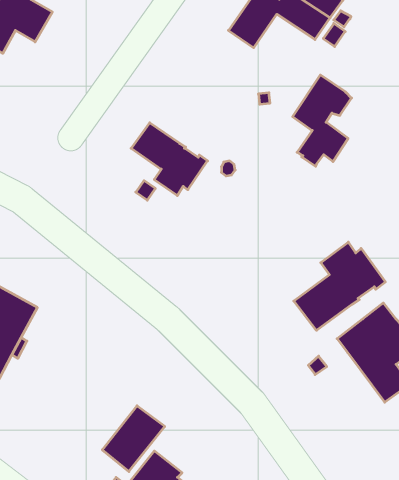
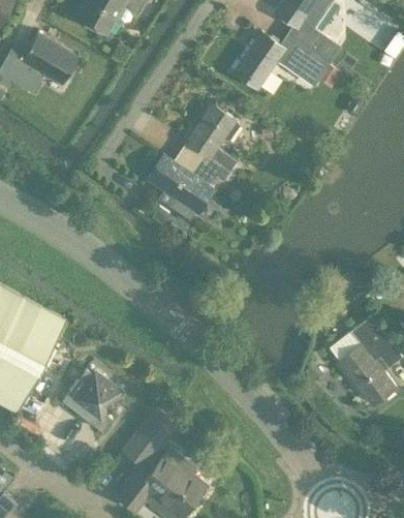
building: [293,75,352,166] -> [186,104,239,186]
building: [294,242,385,330] -> none
building: none -> [62,369,121,430]

